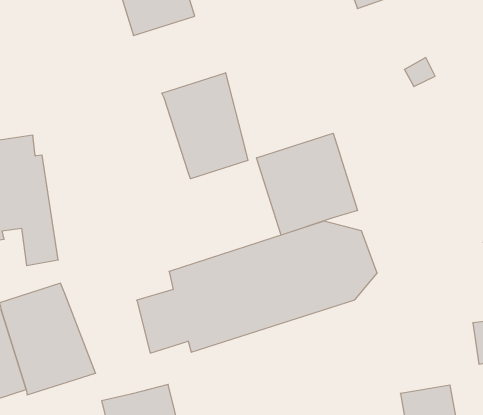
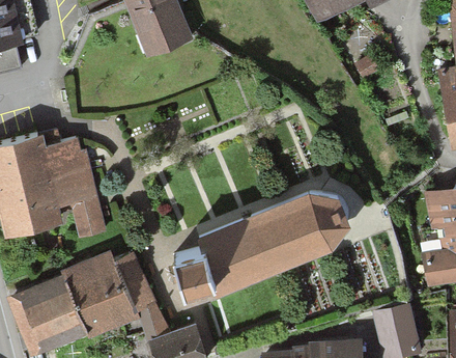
building: [162,73,248,179] -> none
building: [257,133,357,235] -> none
building: none -> [112,251,169,338]

